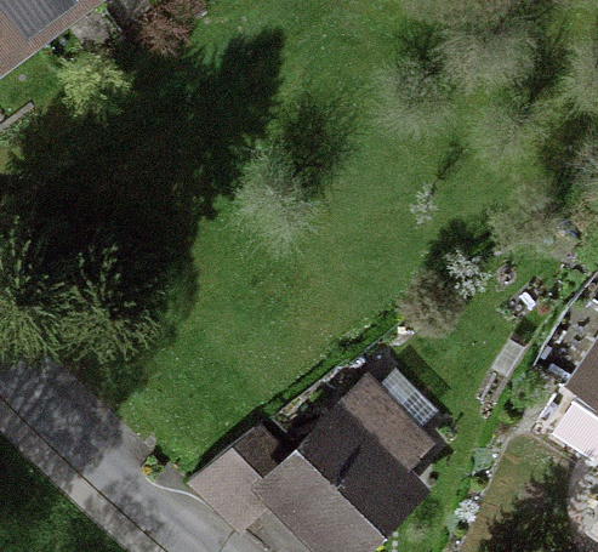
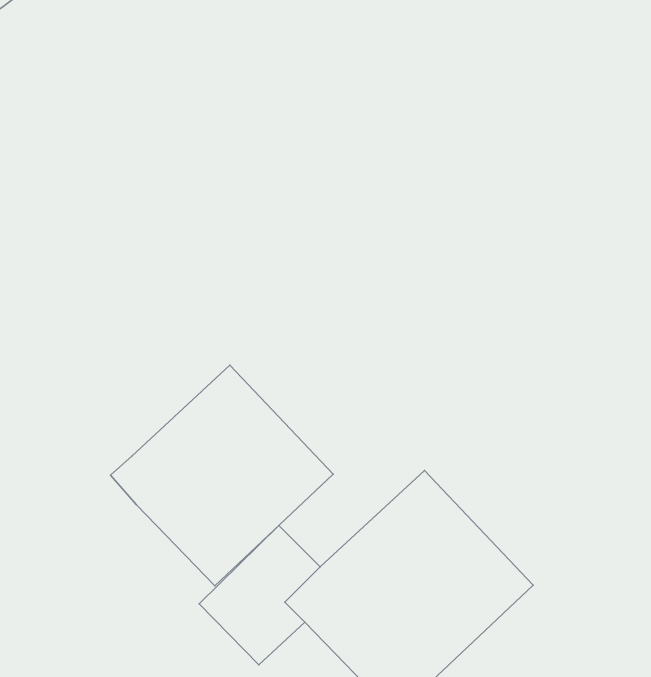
building: none -> [111,365,333,586]

